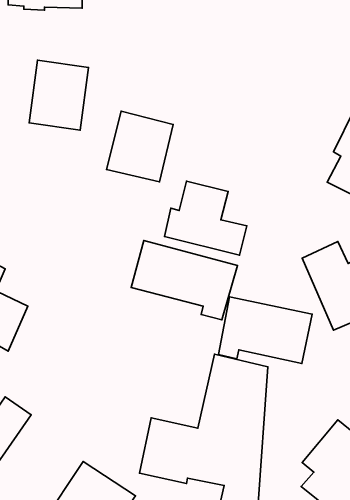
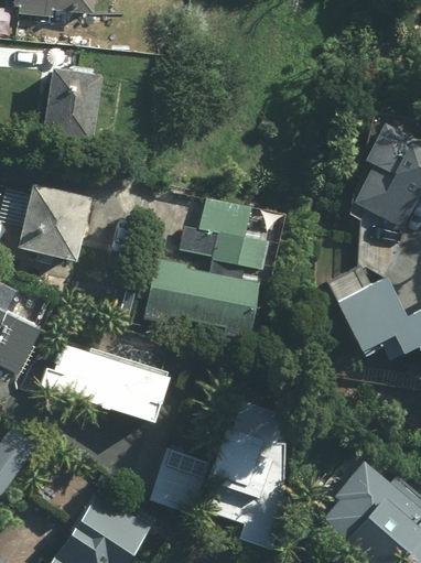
building: [106,111,173,182] -> [18,186,88,261]
building: [219,297,312,363] -> none
building: none -> [46,335,171,427]

